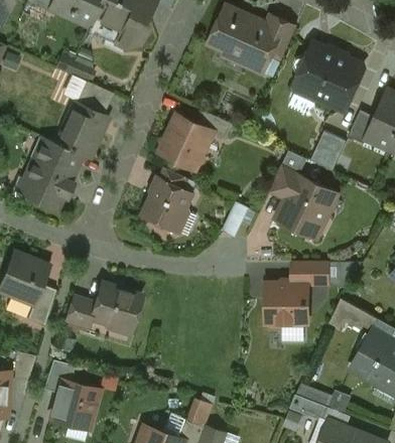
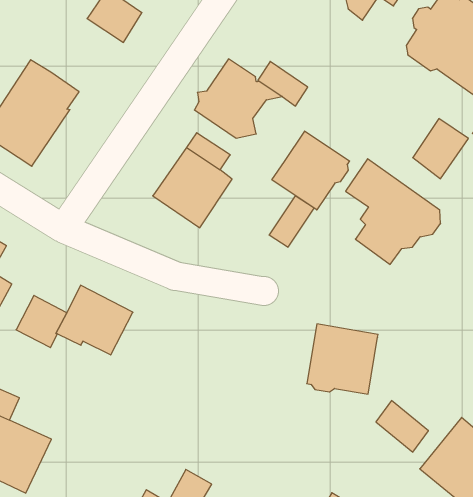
building: [58,103,106,156] -> none
building: none -> [272,131,350,210]
building: [292,261,328,284] -> none
building: [334,297,370,329] -> [376,401,428,452]

